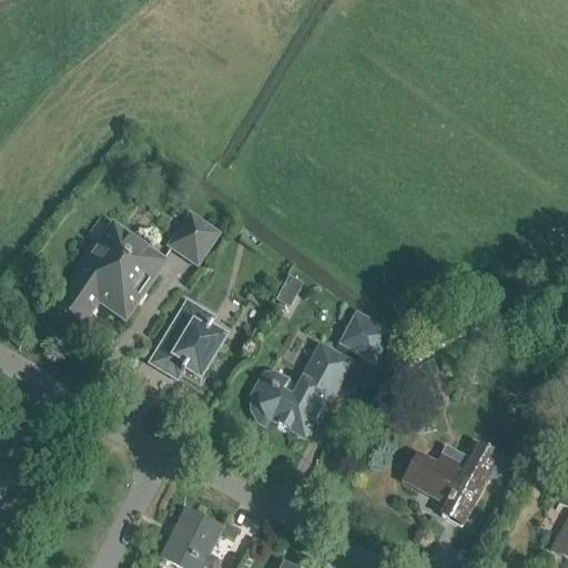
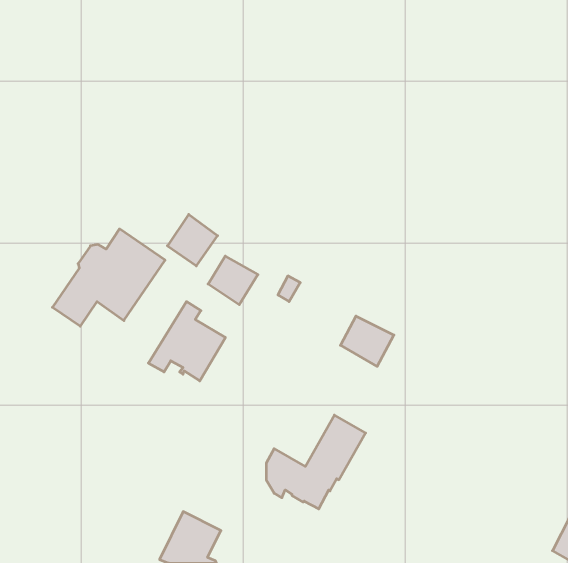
building: none -> [208,256,258,305]
building: [253,344,352,437] -> [266,415,366,509]
building: [403,443,511,524] -> none

